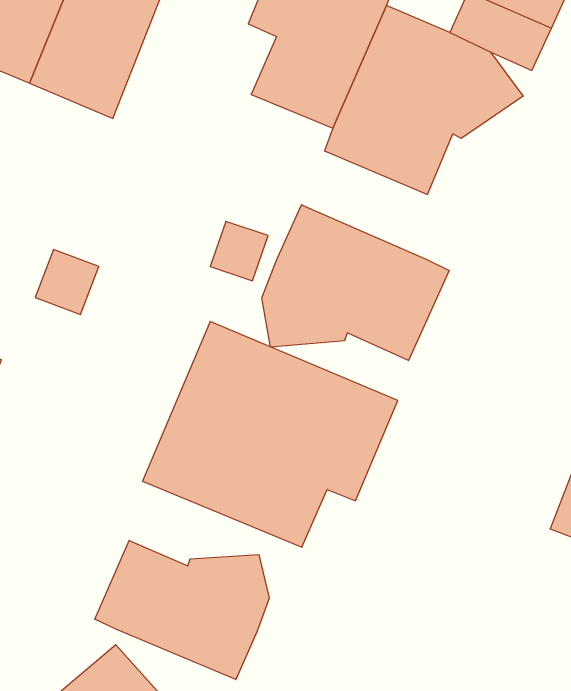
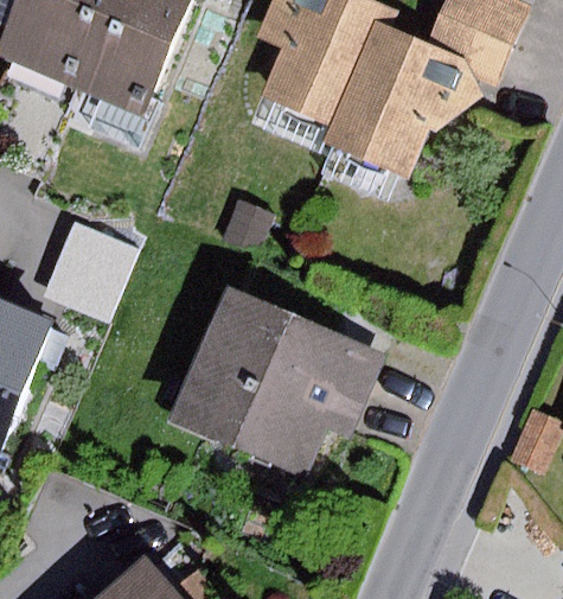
building: [262,205,449,361] -> none
building: [95,540,269,680] -> none

